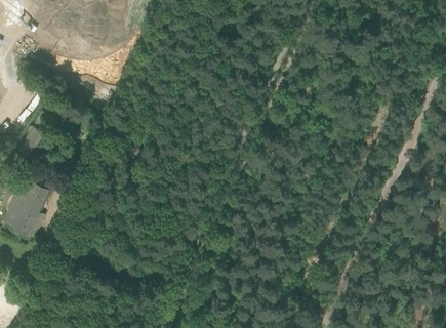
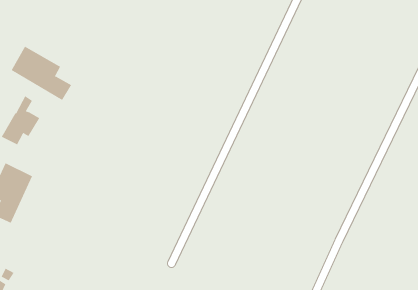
building: none -> [11,46,72,101]

